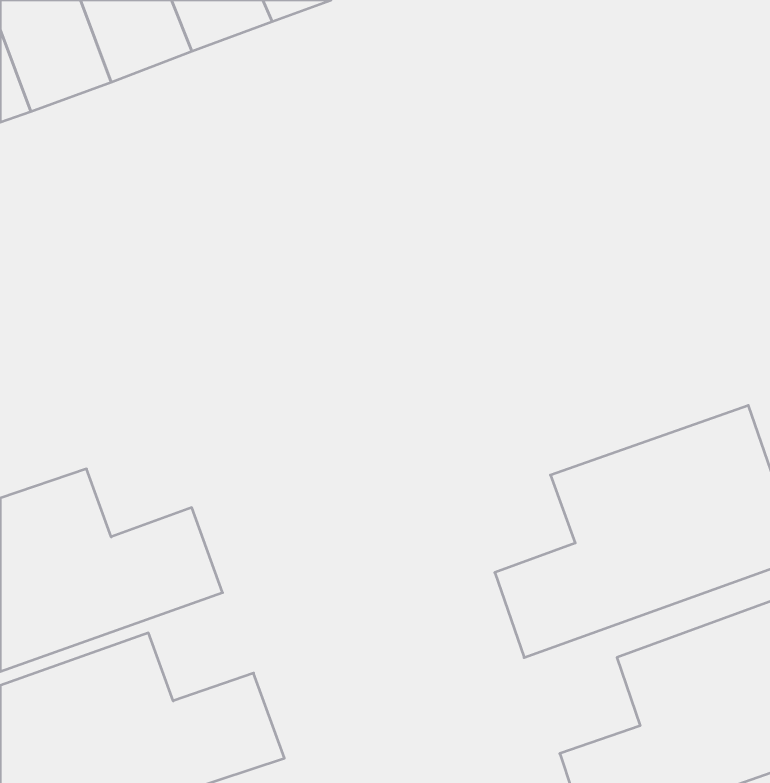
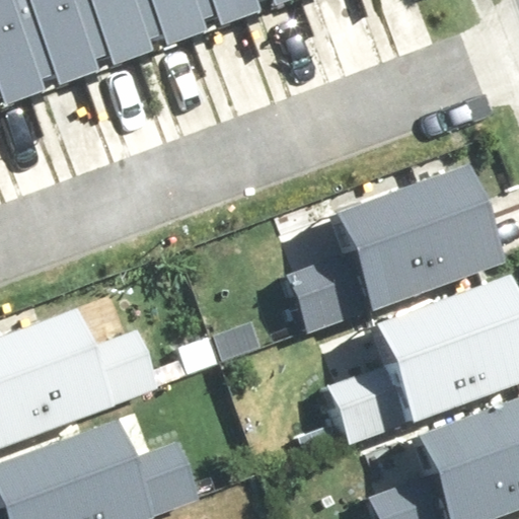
building: none -> [300,164,503,329]

